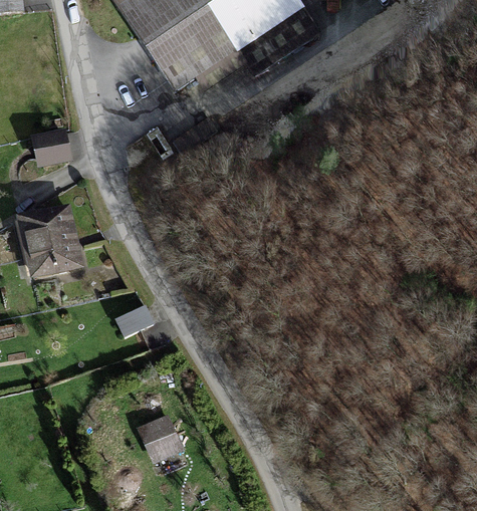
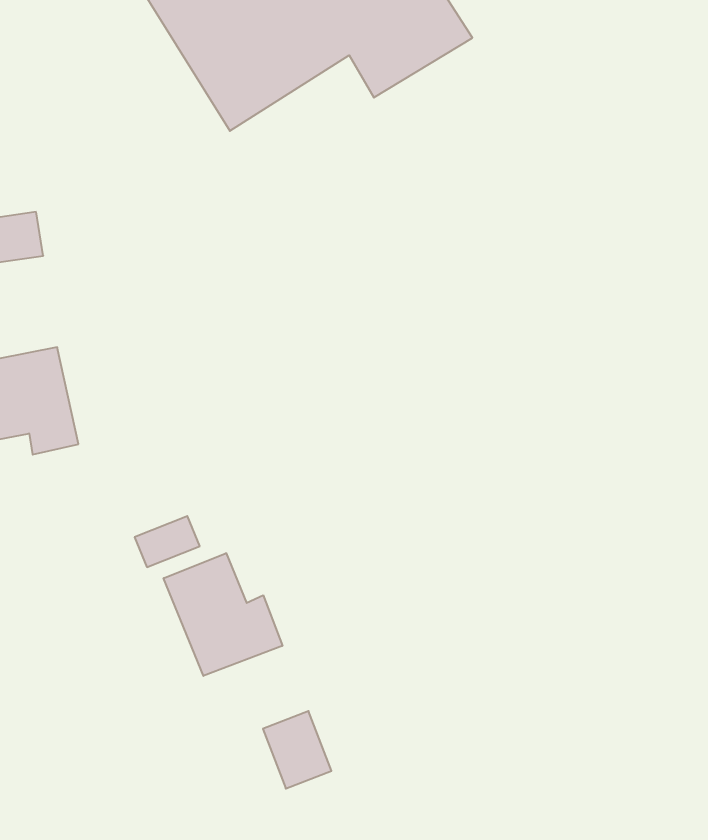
building: none -> [164,553,282,676]
building: [138,419,177,463] -> [263,711,331,789]

